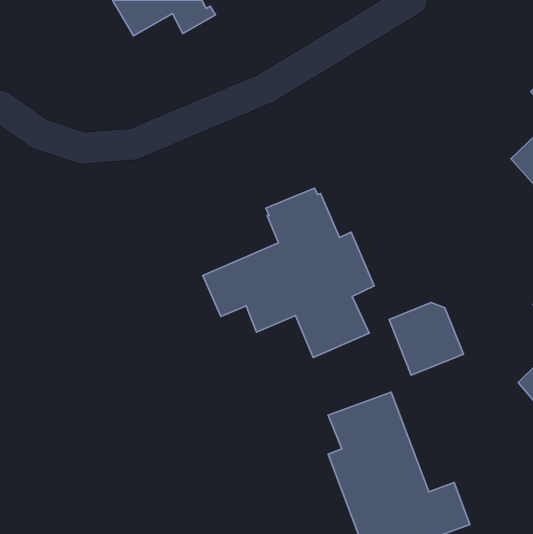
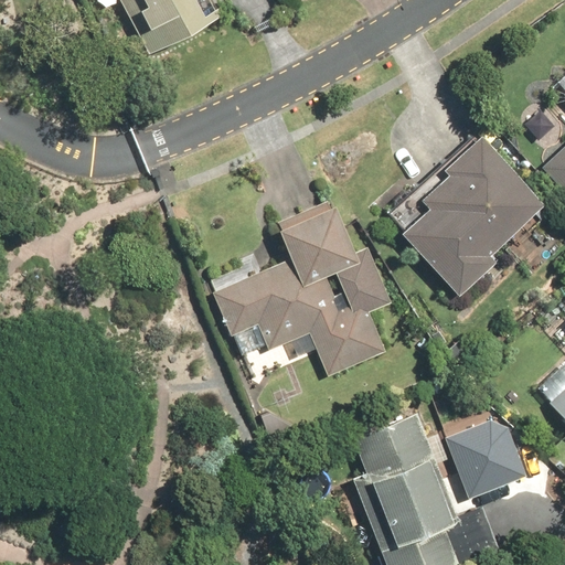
building: none -> [396,137,540,298]
building: [389,303,464,375] -> [450,415,529,491]

